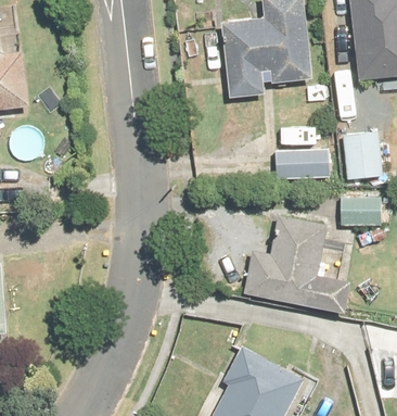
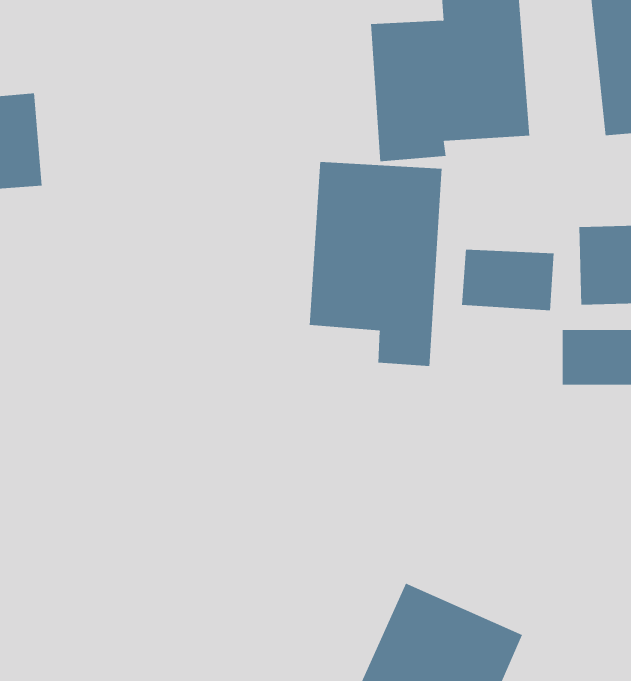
building: none -> [309,161,442,367]
building: [238,215,347,313] -> none

